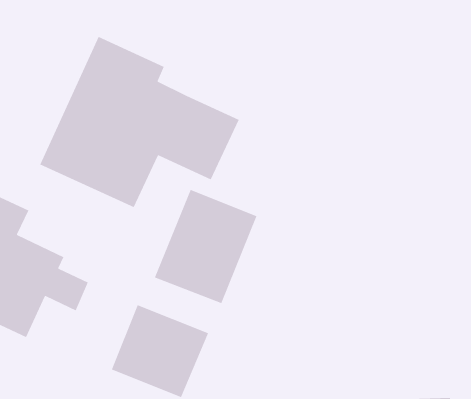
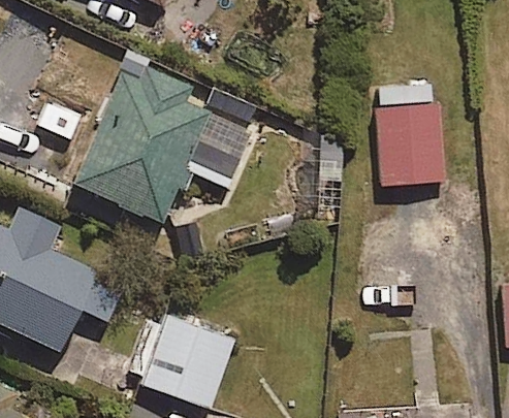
building: none -> [378,87,442,185]
building: [154,189,257,304] -> none

